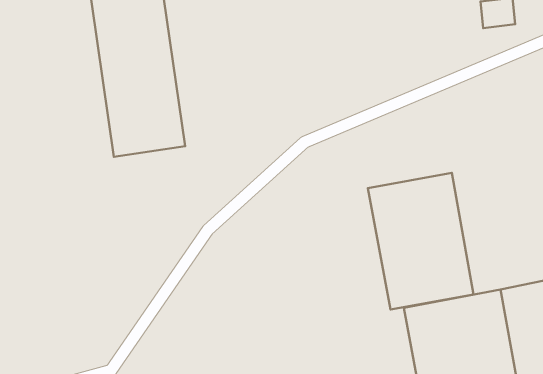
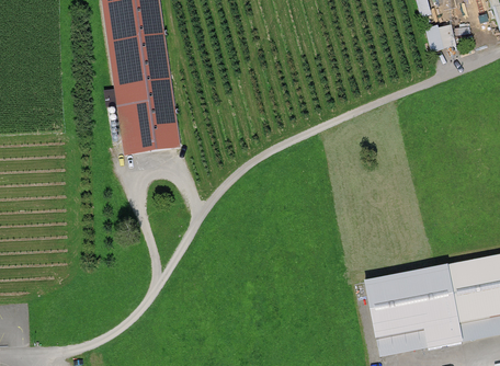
building: [368,173,473,309] -> none

